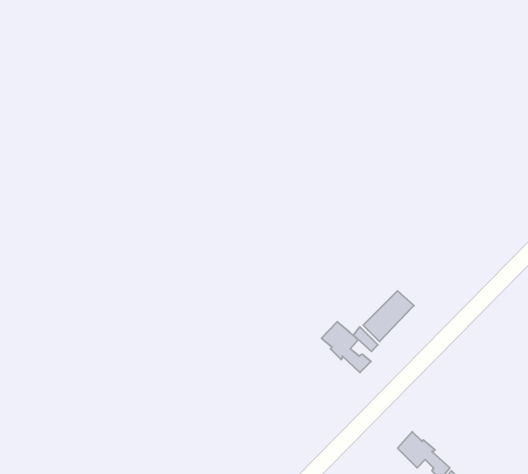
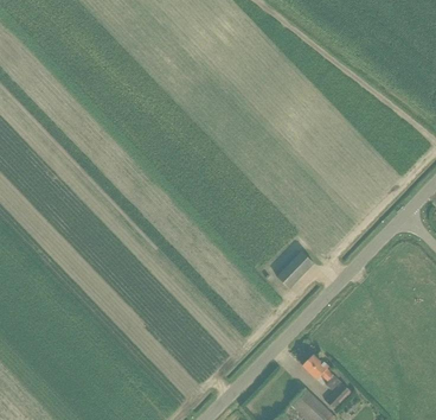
building: [322,322,371,373] -> none

